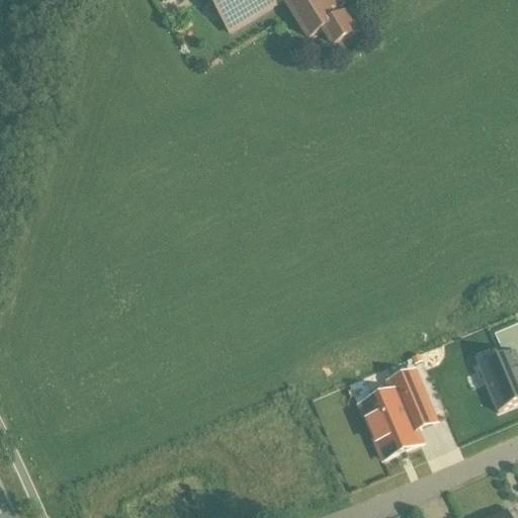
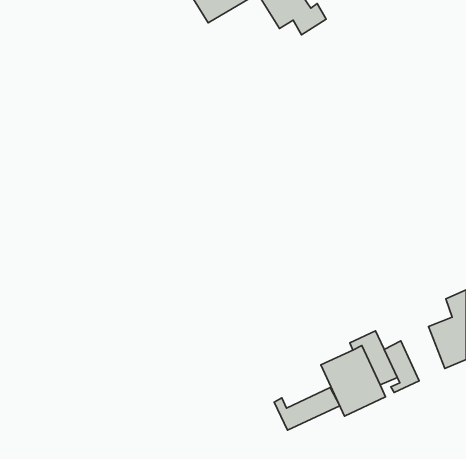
building: none -> [384,341,419,393]
building: none -> [274,388,340,430]

